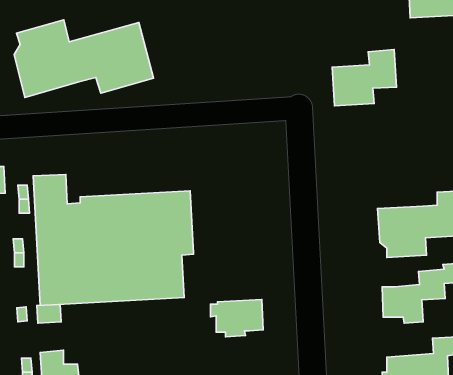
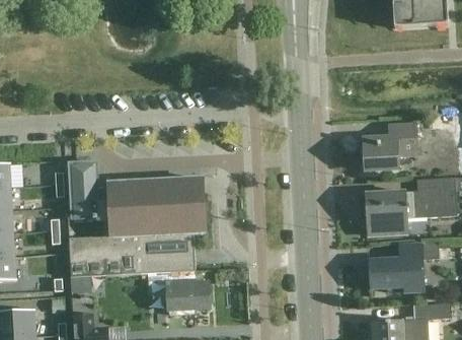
building: [14,20,153,97] -> none
building: [332,50,396,106] -> [363,121,418,169]
building: [210,299,263,337] -> [165,280,211,313]

